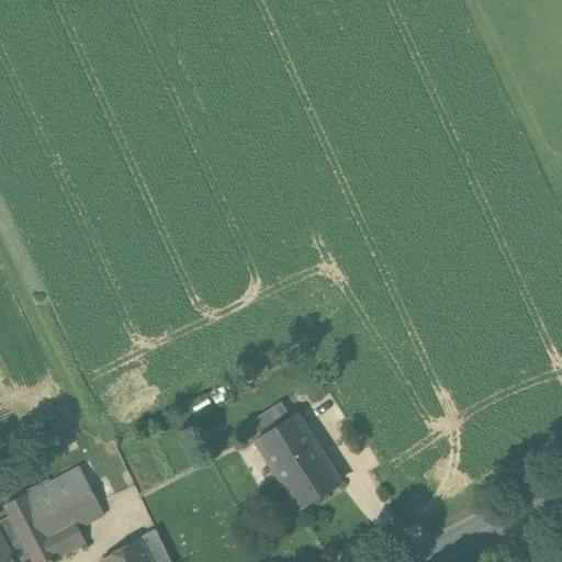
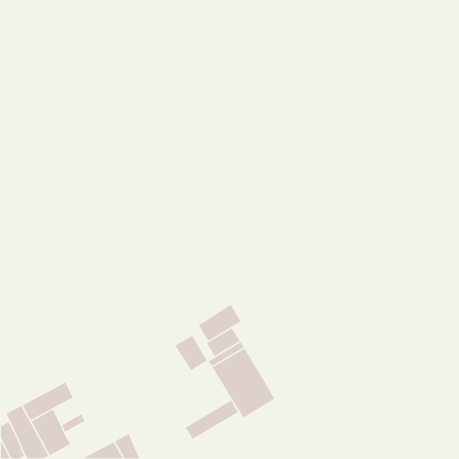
building: none -> [198,304,241,342]
building: none -> [174,335,208,371]
building: [66,485,101,518] -> none
building: none -> [184,400,239,440]

